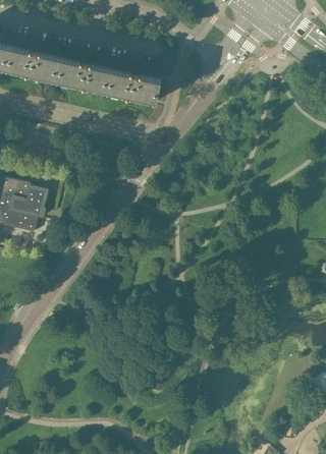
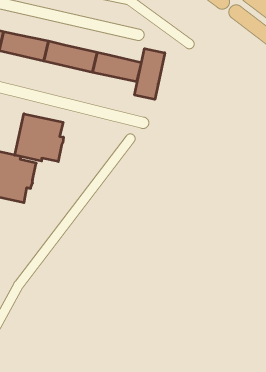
building: none -> [135,49,165,99]
building: none -> [15,114,63,162]

